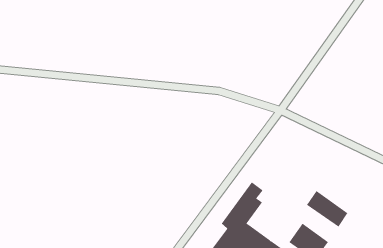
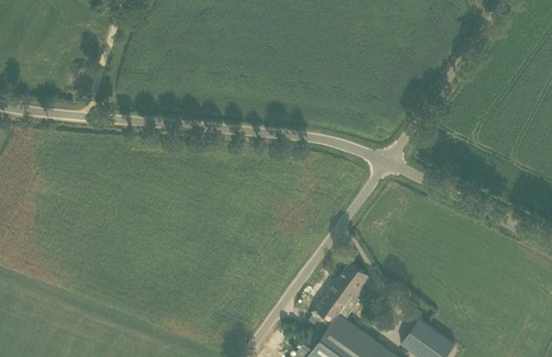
building: [306,190,348,227] -> none

